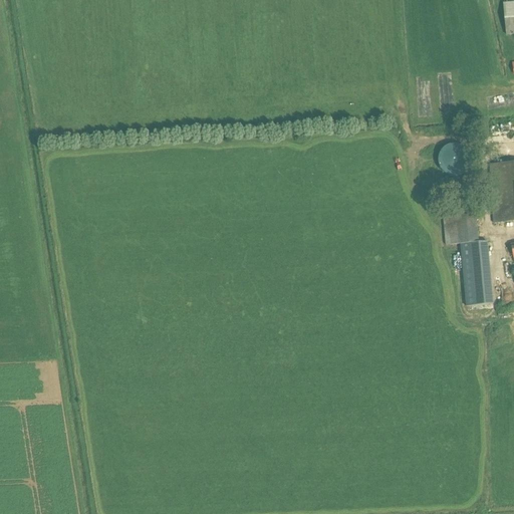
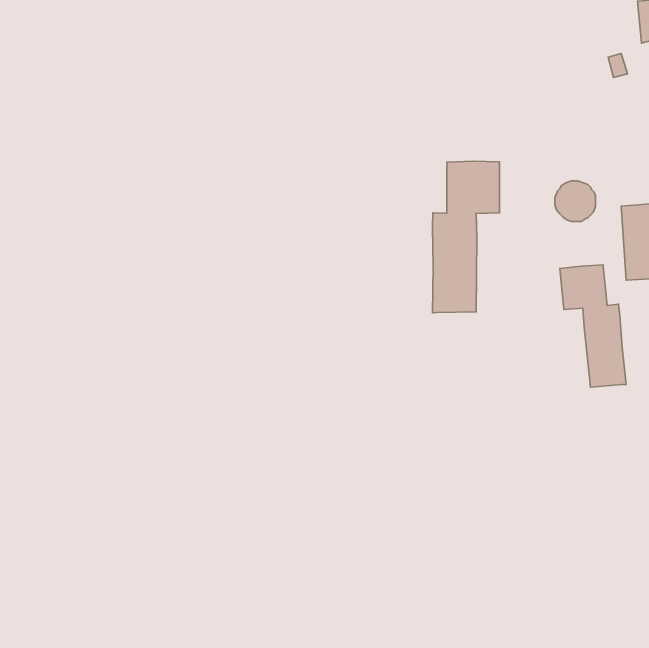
building: none -> [433,161,500,313]

